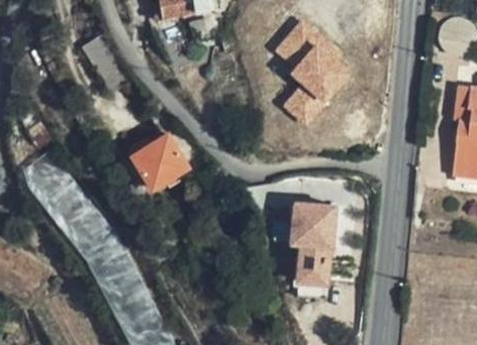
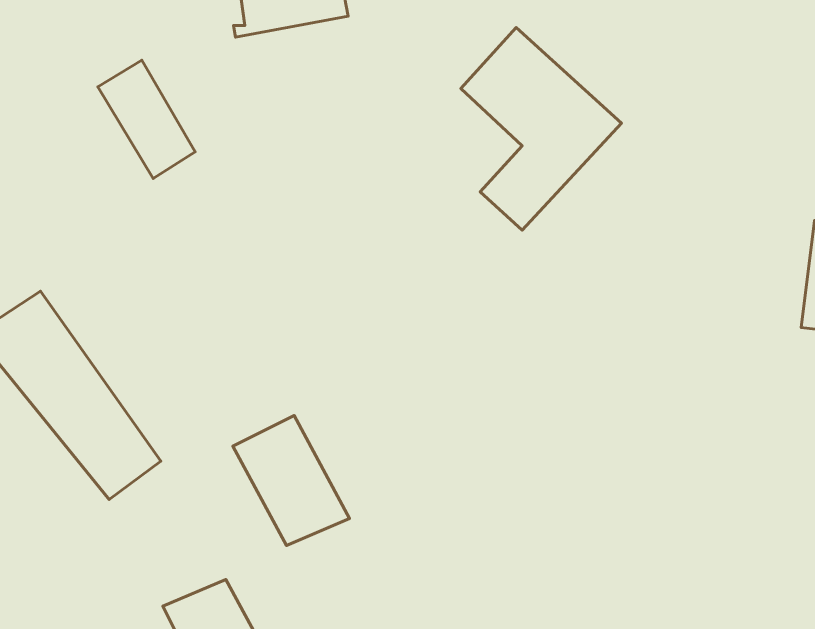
building: [136,135,188,189] -> none
building: [293,198,340,281] -> none
building: [88,252,150,321] -> [233,415,349,545]

